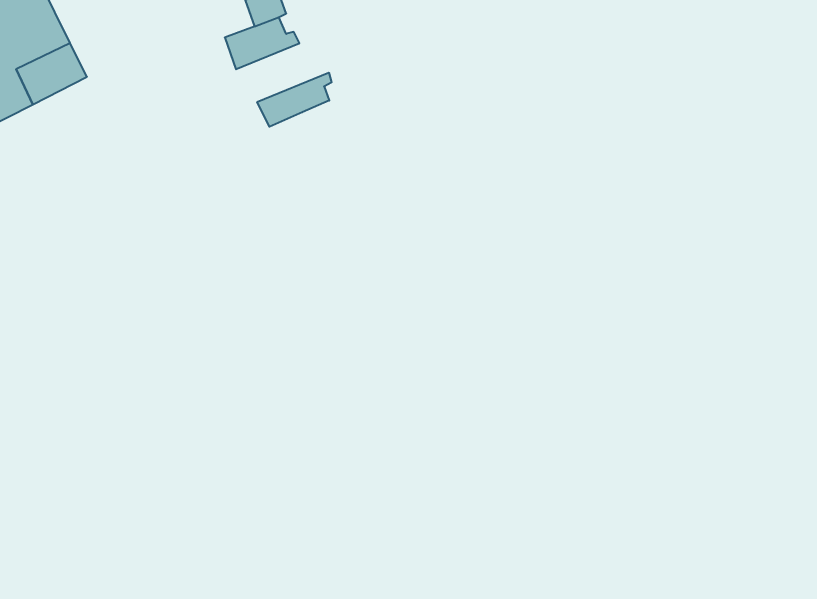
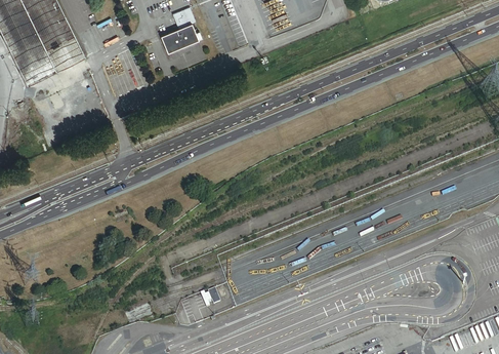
building: [257,73,332,127] -> none

